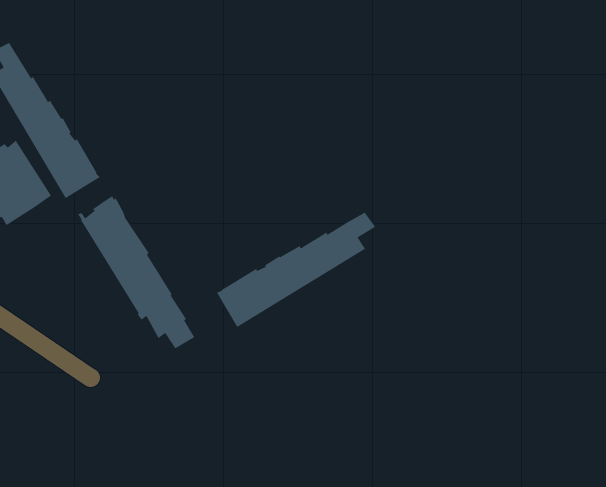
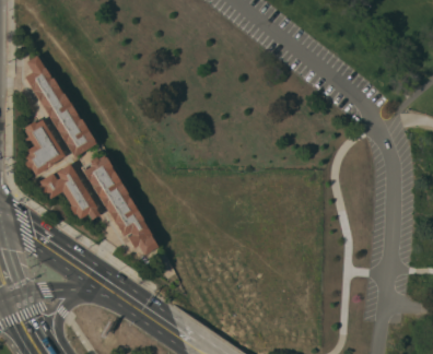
building: none -> [38,162,100,220]
building: [216,212,376,328] -> none

